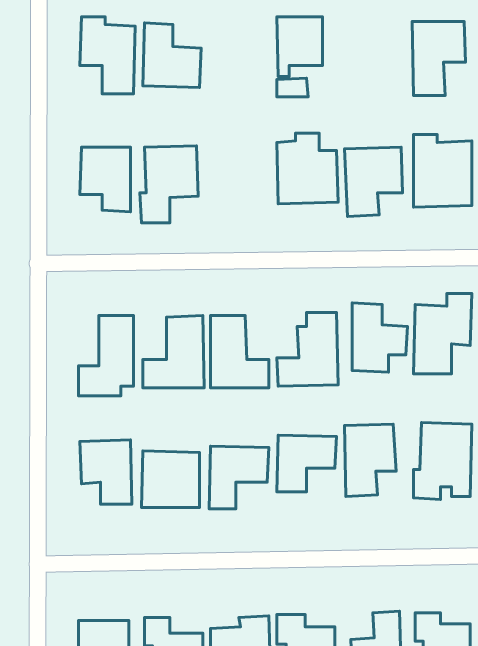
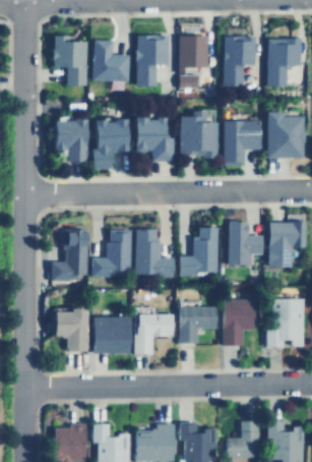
building: none -> [137,35,171,86]
building: none -> [224,36,256,88]
building: none -> [135,117,176,161]

